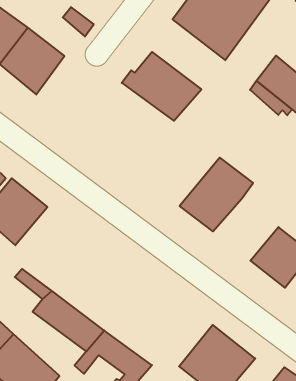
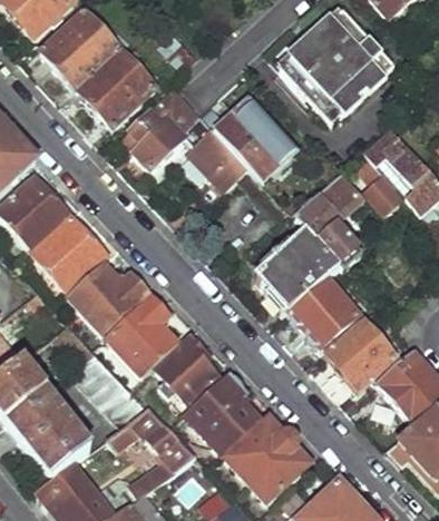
building: none -> [131,87,252,188]
building: none -> [297,177,364,269]
building: none -> [287,282,357,347]
building: none -> [65,263,147,334]
building: none -> [109,297,177,375]
building: none -> [156,336,216,402]
building: none -> [185,373,260,453]

